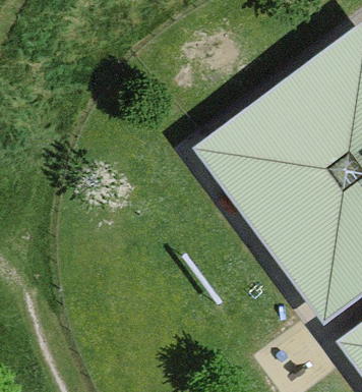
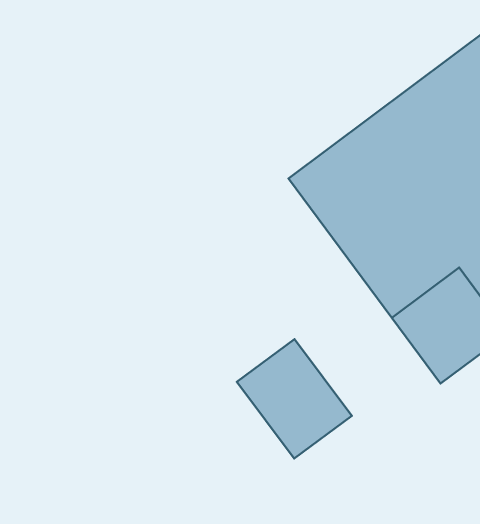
building: none -> [237,339,352,458]

